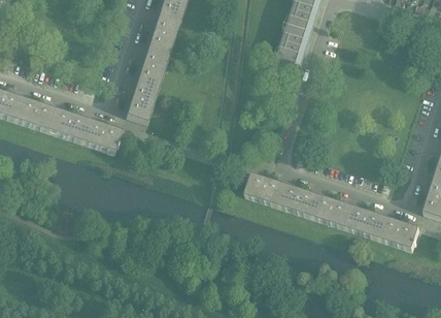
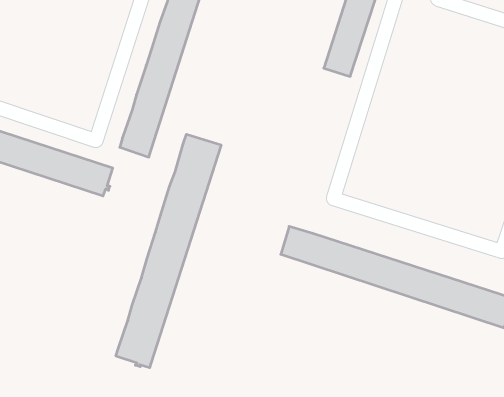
building: none -> [116,134,221,368]

